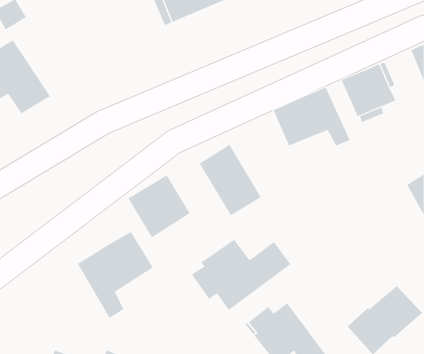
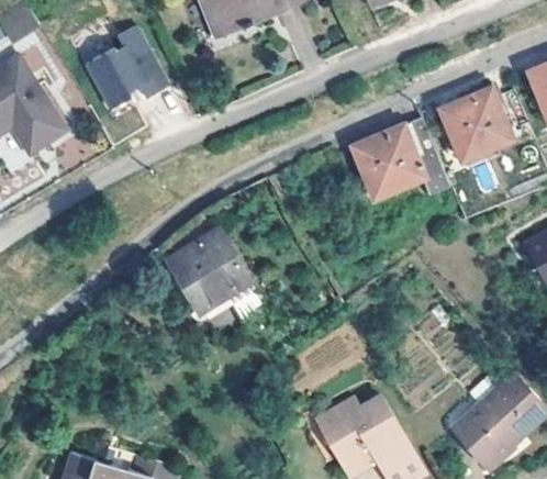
building: none -> [88,25,171,109]
building: [199,144,261,216] -> none
building: [77,231,153,319] -> none
building: [191,239,291,311] -> none

